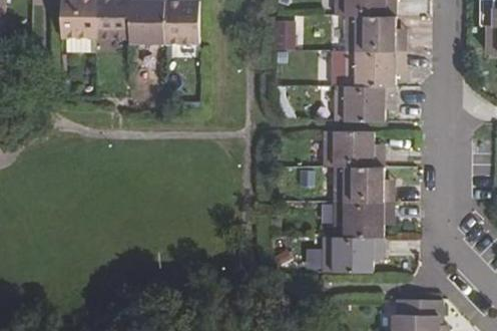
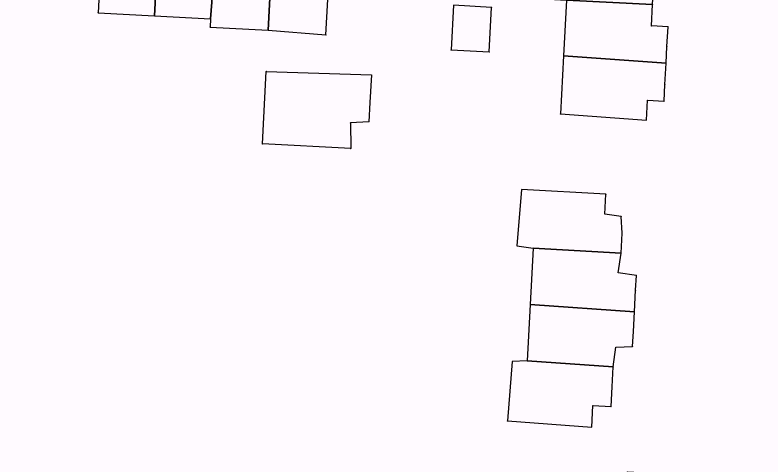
building: none -> [262,71,371,149]
building: [332,84,395,121] -> none

